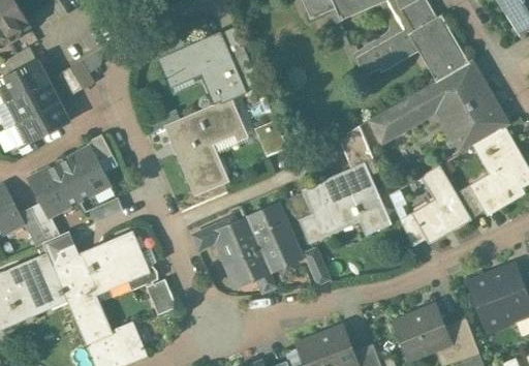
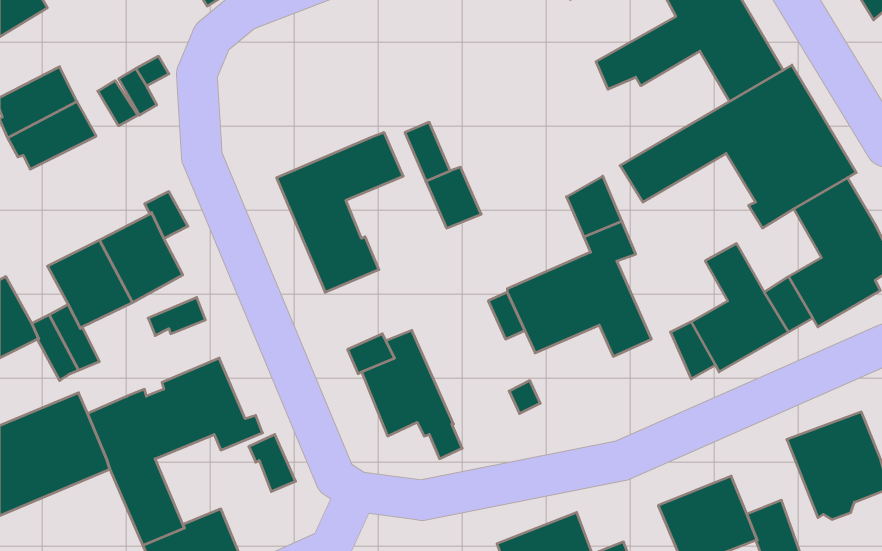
building: [160,33,260,102] -> none
building: [15,101,68,143] -> none
building: [246,203,301,273] -> none
building: [42,233,76,267] -> none

